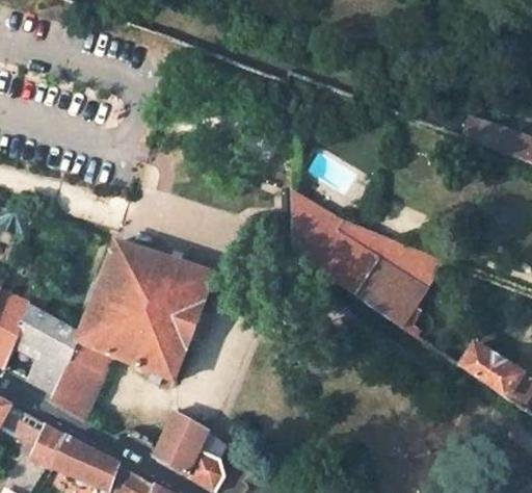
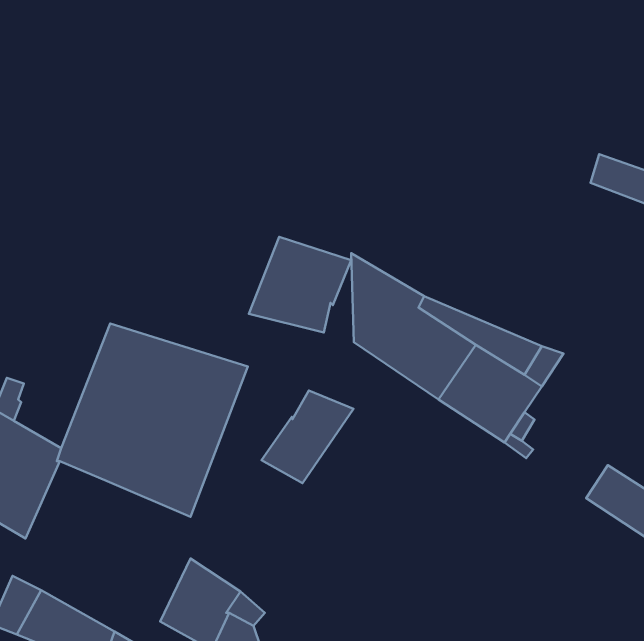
building: none -> [249,237,351,333]
building: none -> [262,390,353,483]
building: [53,339,113,419] -> none

